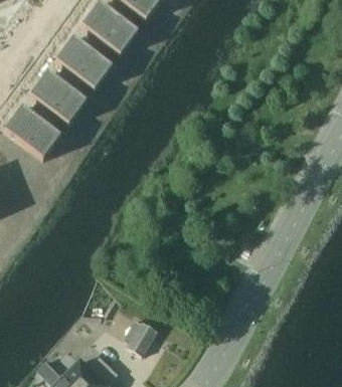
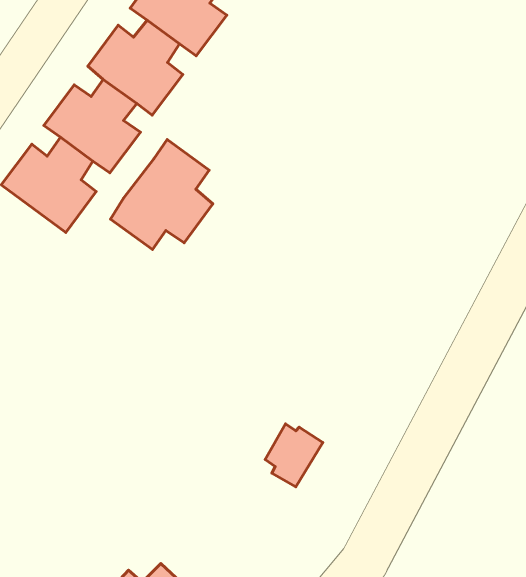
building: none -> [111,140,213,250]
building: [122,317,156,354] -> [265,424,323,487]

